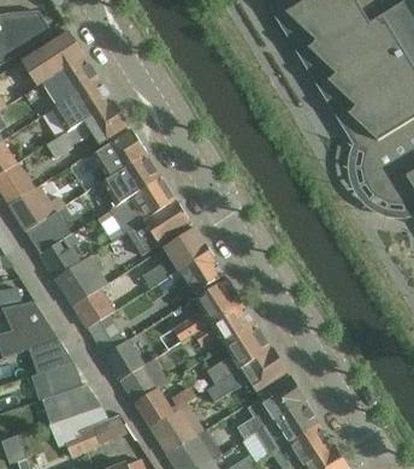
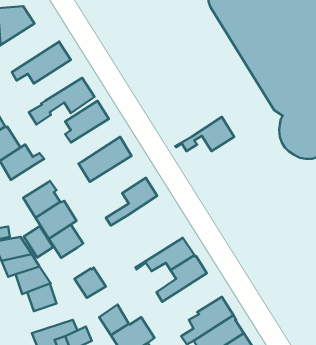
building: [22,31,84,85] -> none
building: [52,78,113,130] -> none
building: [99,153,161,207] -> none
building: [123,200,191,256] -> none
building: [23,209,70,253] -> none
building: [149,250,224,293] -> [175,117,234,151]
building: [173,280,241,340] -> none
building: [87,315,124,355] -> [24,226,53,257]
building: [207,348,286,402] -> none
building: [119,357,168,403] -> none
building: [43,384,96,423] -> none

